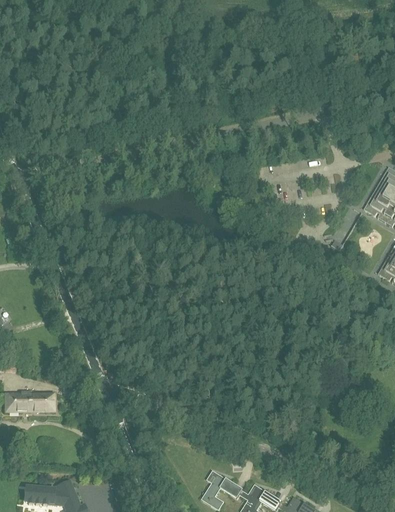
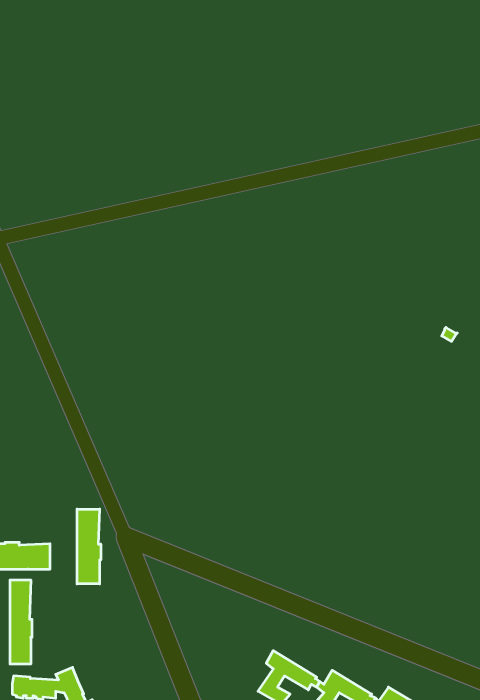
building: none -> [77,509,101,584]
building: none -> [10,580,32,664]

